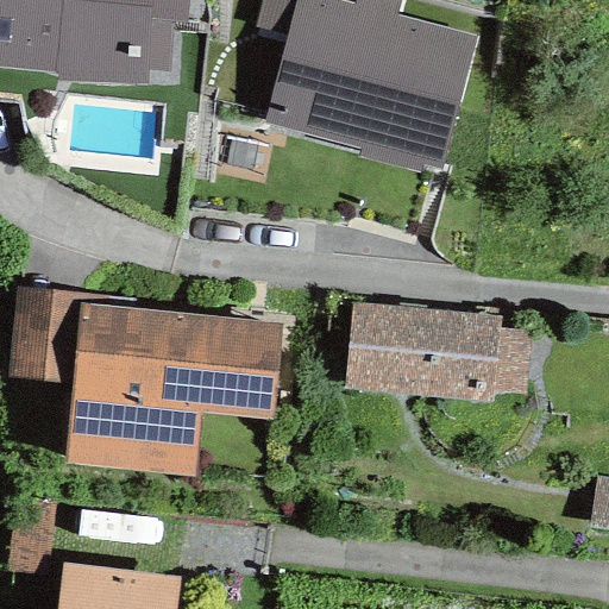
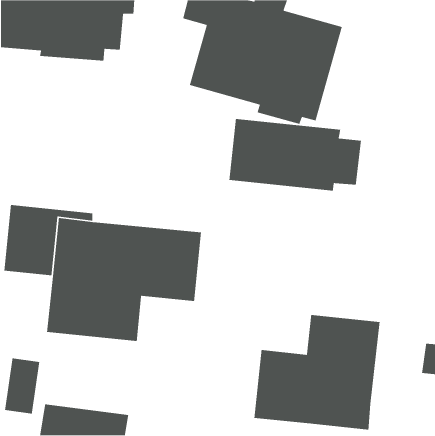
building: [345,301,530,403] -> [228,118,362,192]
building: none -> [254,314,381,430]

